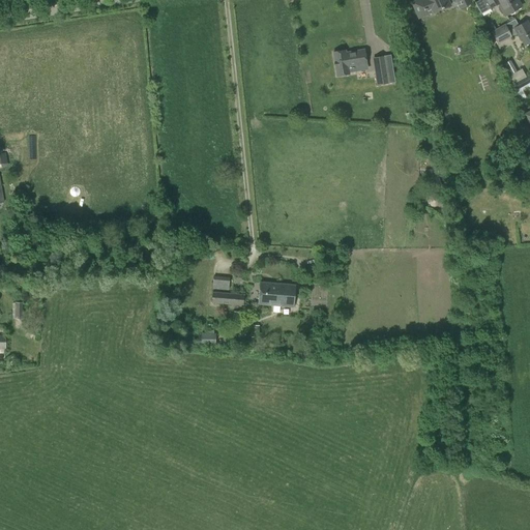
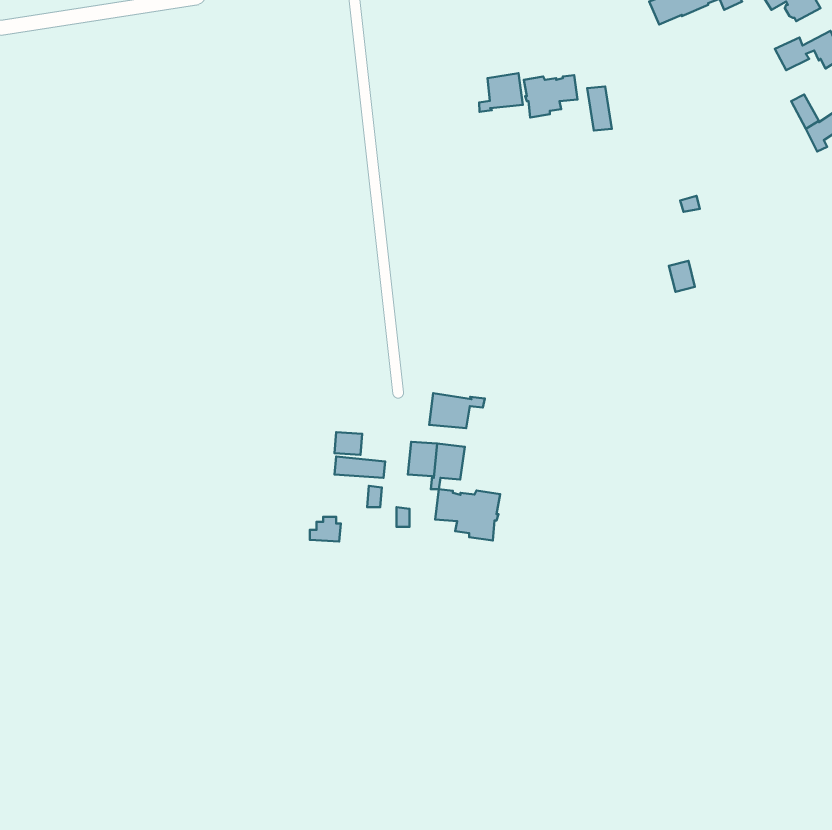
building: none -> [479,73,523,112]
building: none -> [429,393,485,428]
building: none -> [435,489,500,541]

